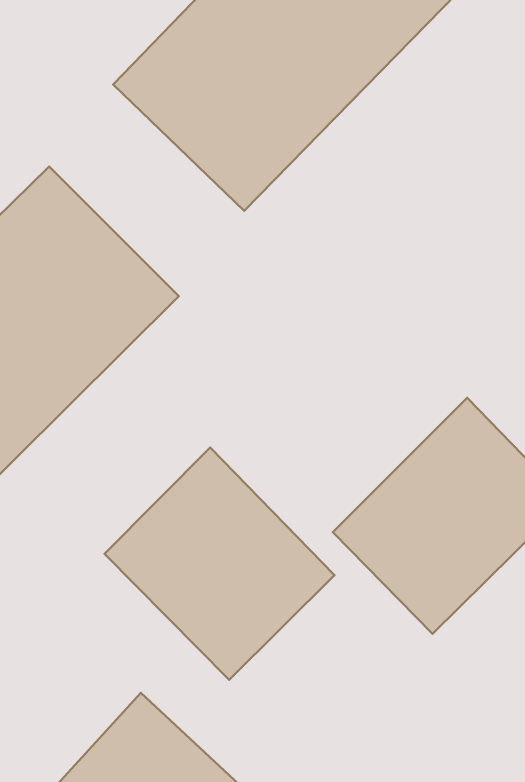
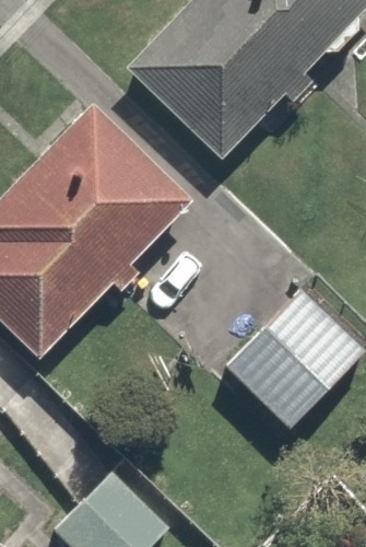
building: [105,448,335,680] -> none

